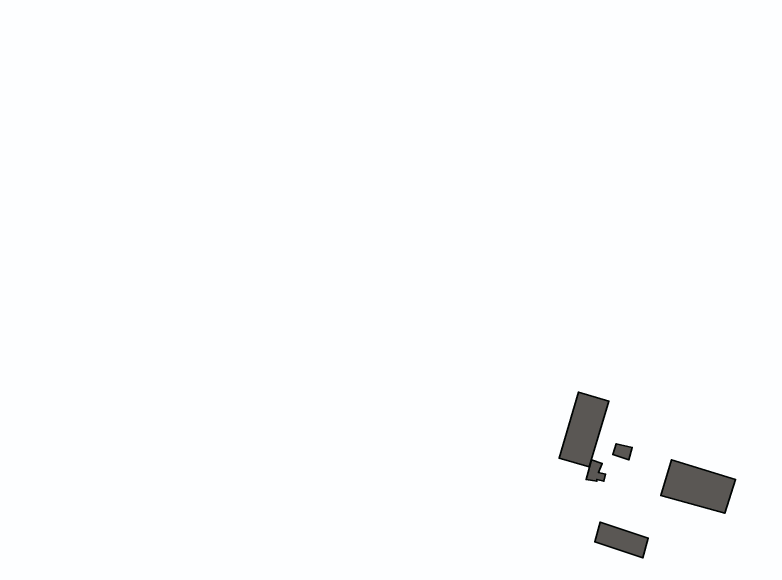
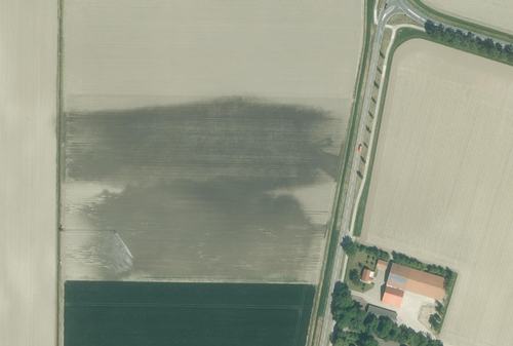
building: [559,392,609,467] -> [382,263,410,306]

